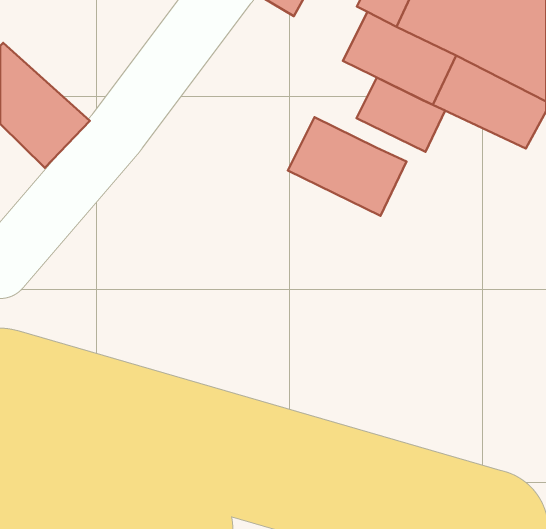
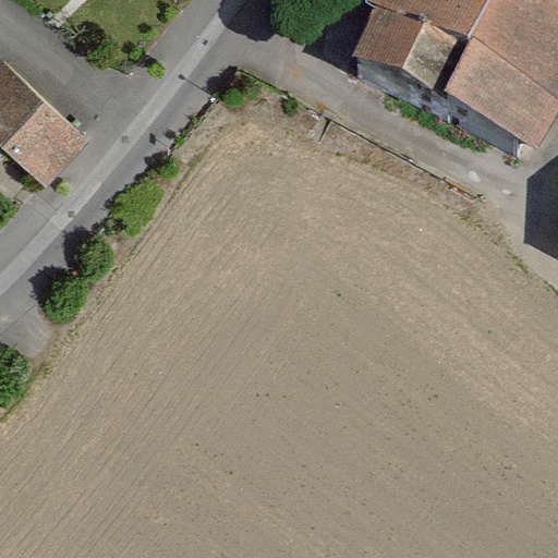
building: [357,78,445,152] -> none
building: [288,117,407,216] -> none

